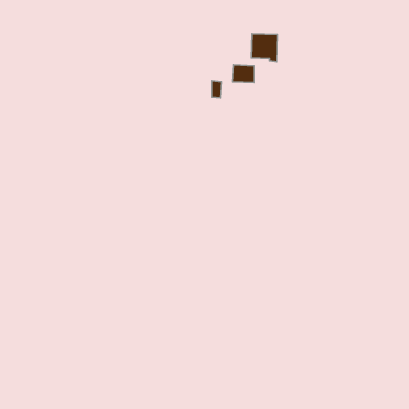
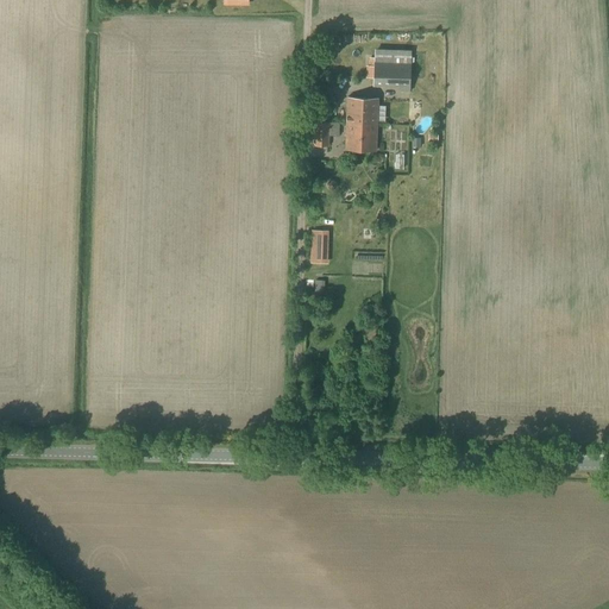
building: none -> [346,121,378,150]
building: none -> [312,230,329,262]

